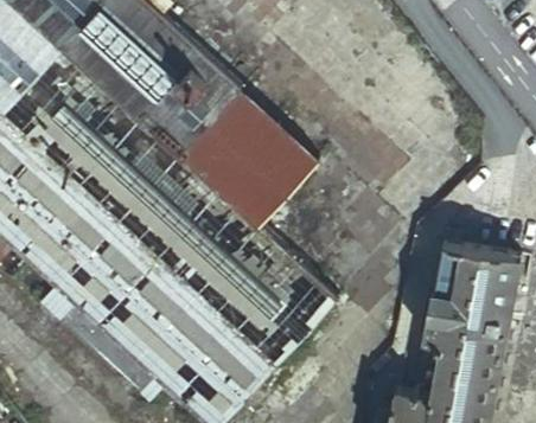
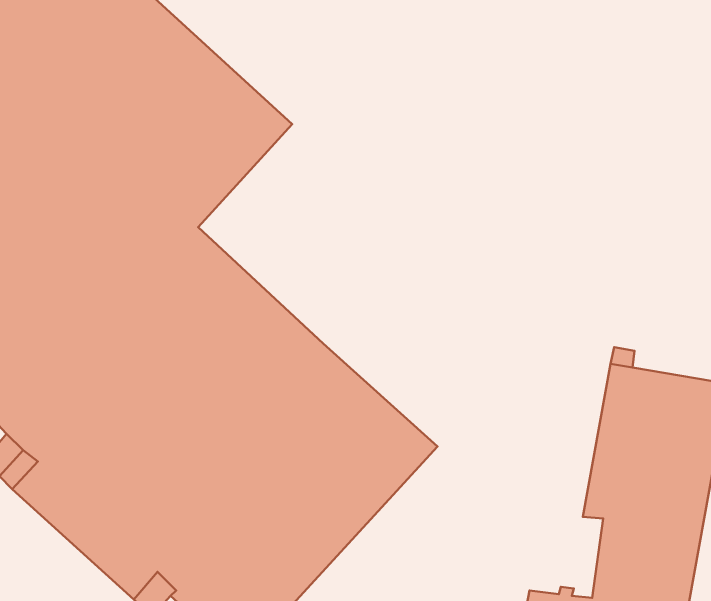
building: [178,88,319,229] -> none

